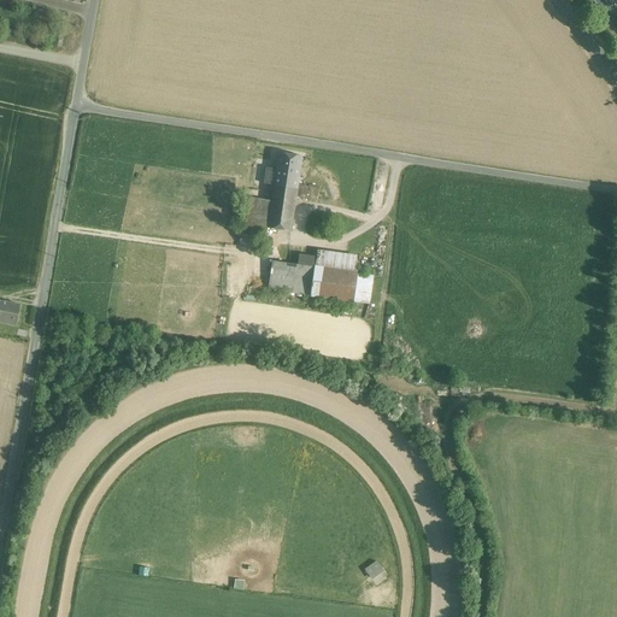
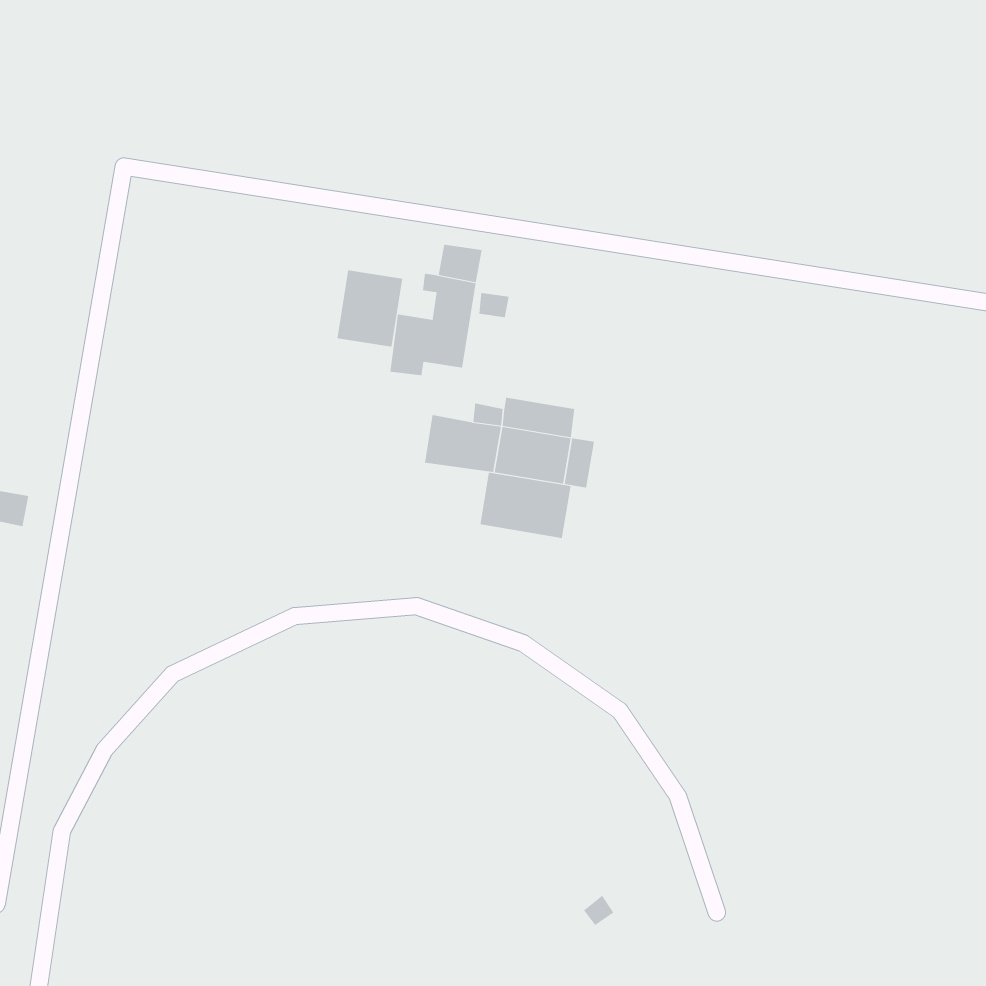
building: none -> [337,269,403,347]
building: none -> [480,472,571,539]

